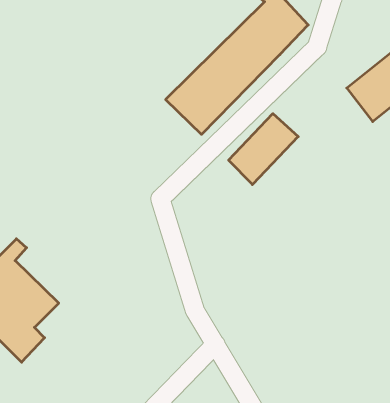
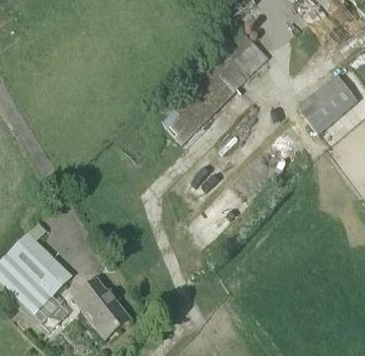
building: [229,114,298,185] -> none
building: none -> [71,278,131,339]

